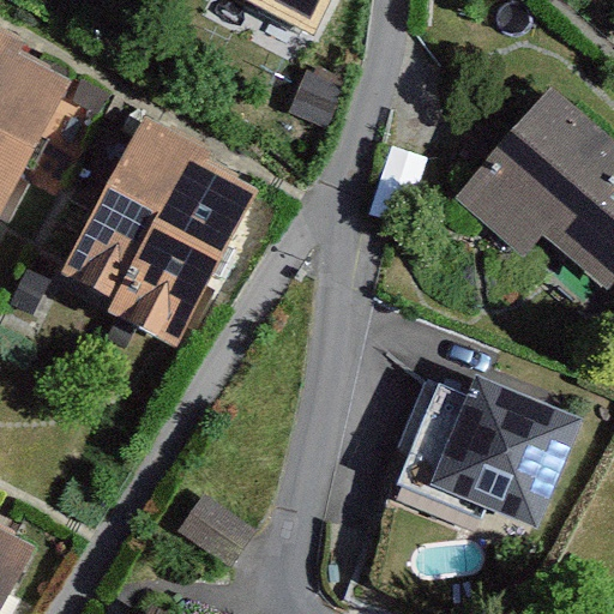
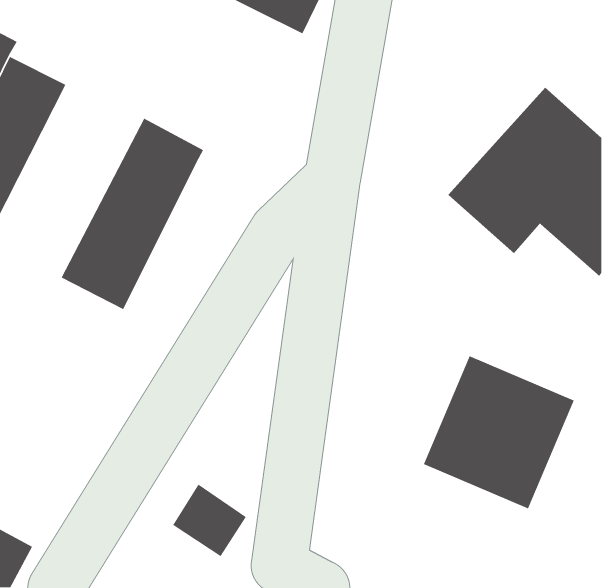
building: [116,164,257,356] -> none

